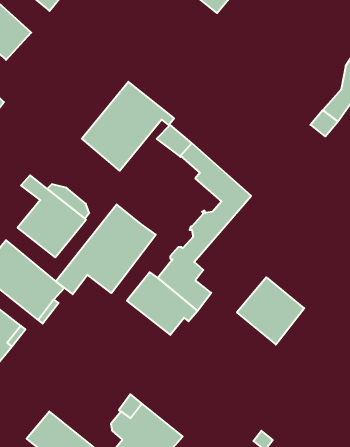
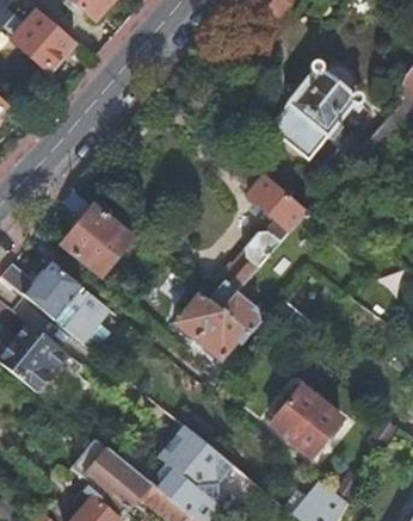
building: [82,82,174,171] -> [267,64,364,157]
building: [56,204,156,294] -> none
building: [237,277,304,345] -> [270,385,340,455]

